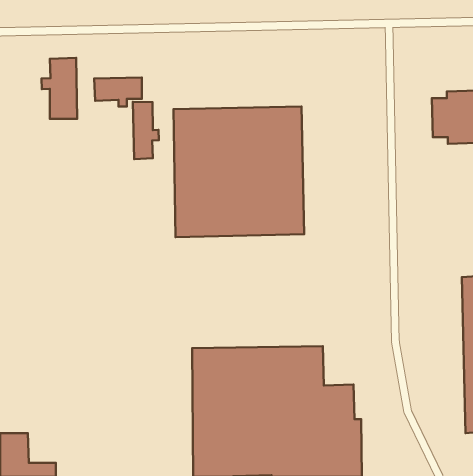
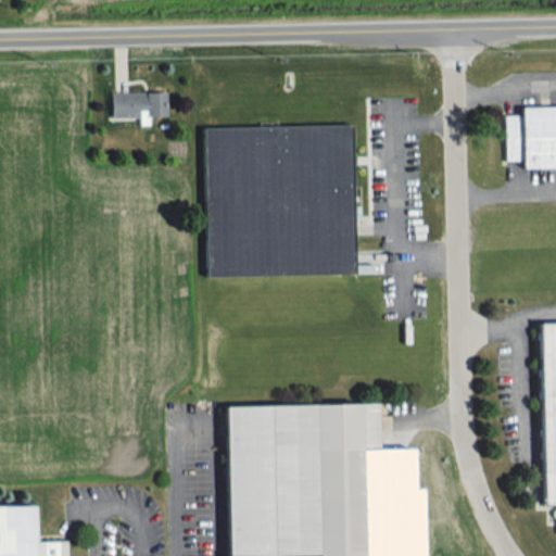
building: [41,58,77,119] -> none
building: [133,102,159,159] -> none

